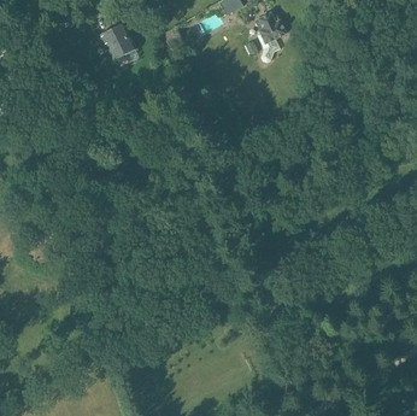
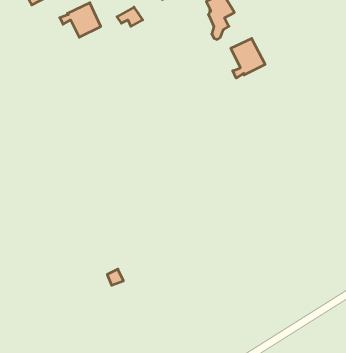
building: none -> [231,38,265,78]

